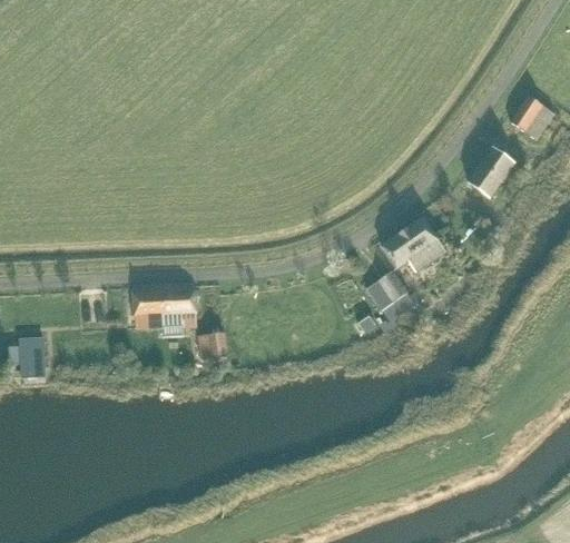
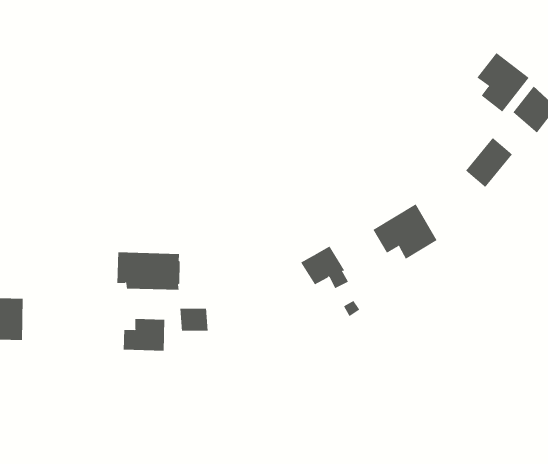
building: none -> [476,52,530,112]
building: [365,270,414,313] -> [300,245,349,289]
building: none -> [123,318,165,352]

